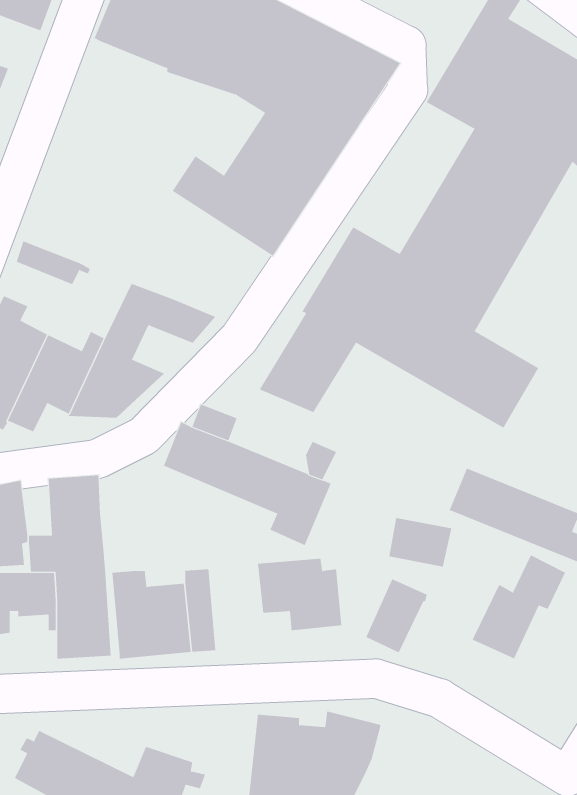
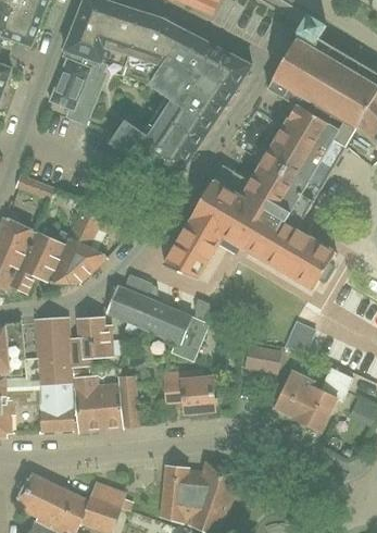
building: none -> [49,52,108,111]
building: none -> [67,317,112,365]
building: [365,579,427,653] -> [275,371,313,417]

